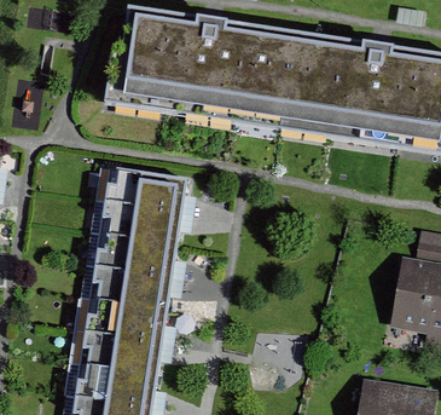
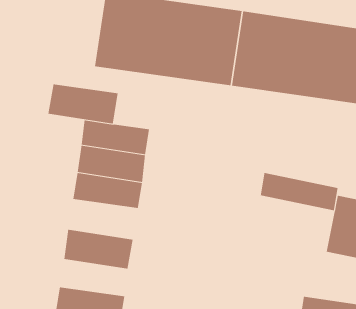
building: none -> [260,172,338,211]
building: [88,252,172,299] -> [48,84,119,124]
building: [79,322,159,365] -> none

